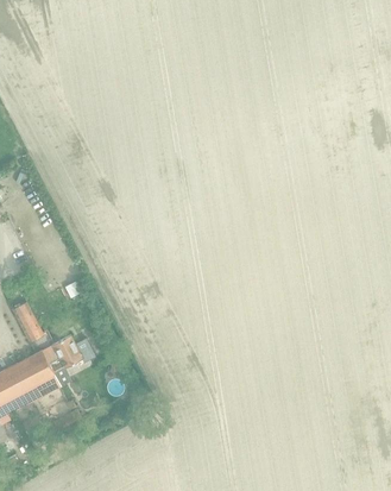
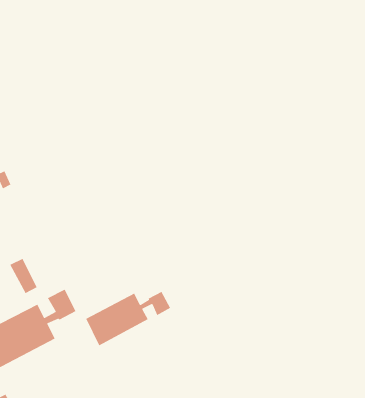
building: none -> [85,291,171,346]

